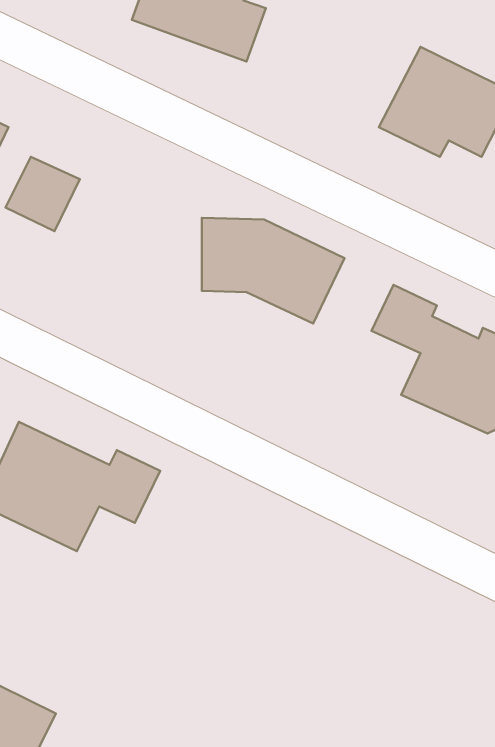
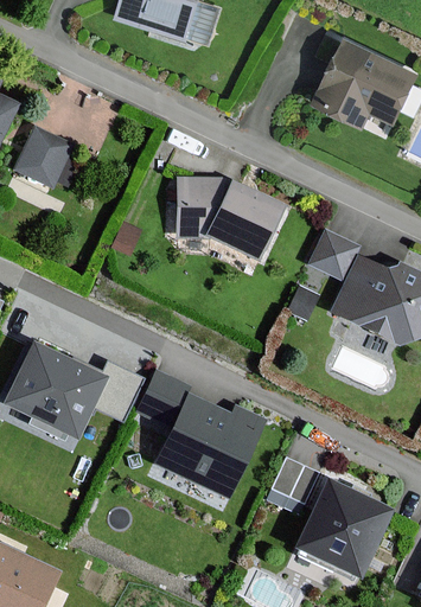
building: none -> [132,365,264,500]
building: none -> [263,456,317,513]
building: none -> [298,478,391,573]

